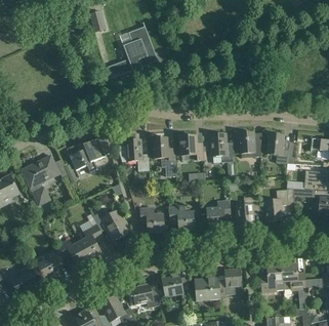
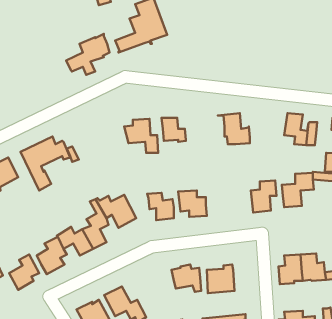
building: [238,131,260,156] -> none
building: [70,134,110,172] -> [66,34,109,75]
building: [178,135,203,160] -> none
building: [206,200,230,228] -> none
building: [218,268,241,295] -> none
building: [128,283,160,308] -> none

